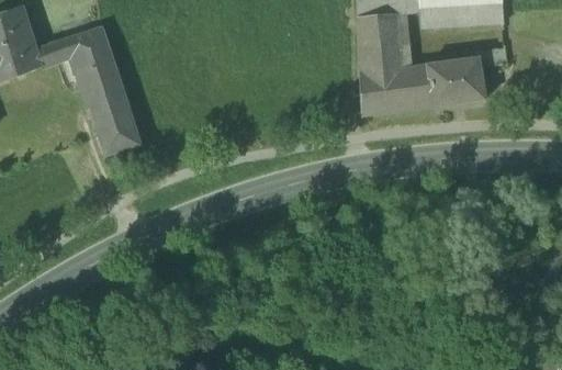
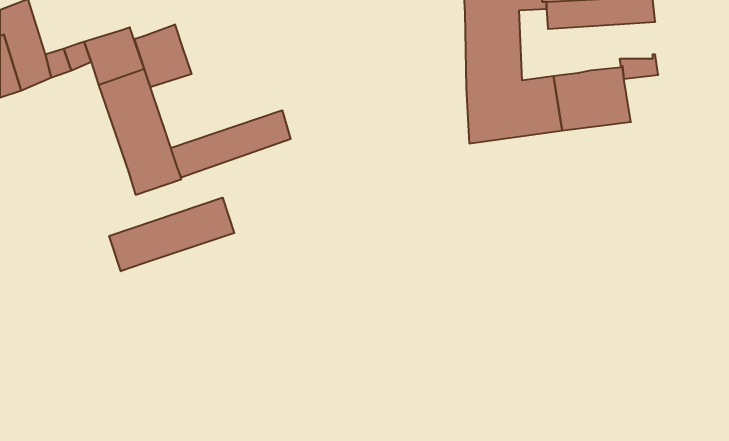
building: none -> [135,24,192,87]
building: none -> [171,110,291,178]
building: none -> [109,198,234,271]

